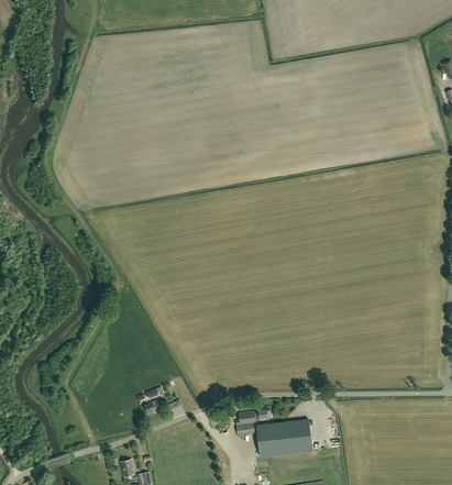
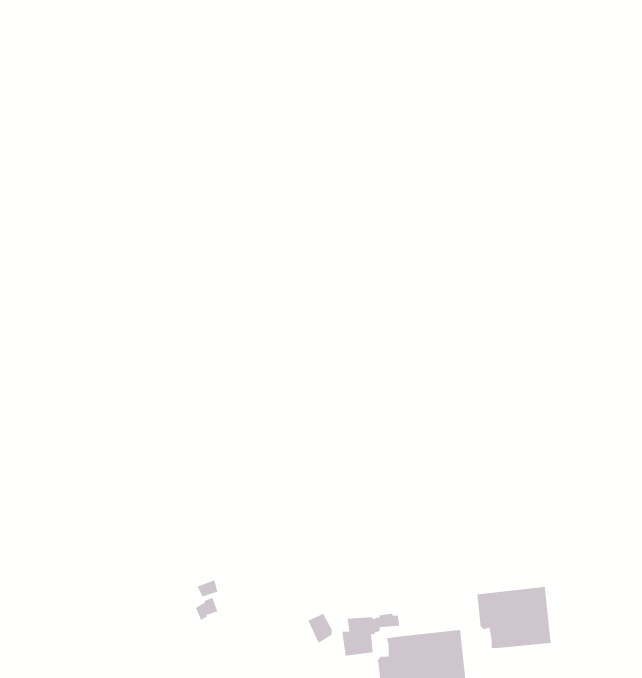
building: none -> [477,586,551,649]

